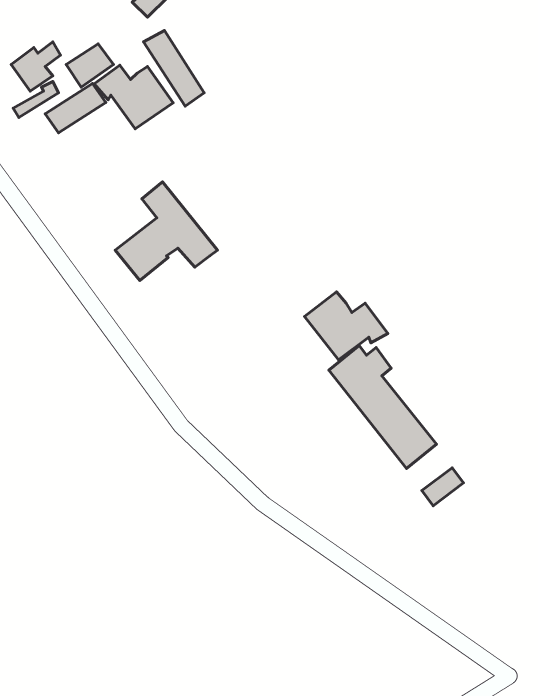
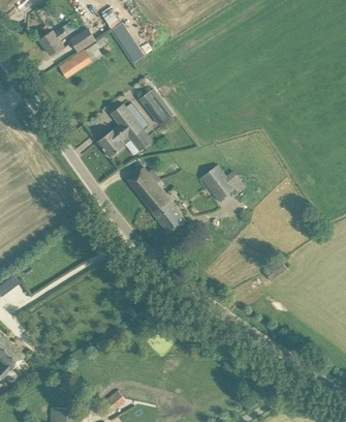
building: [94,65,173,129] -> none
building: none -> [138,88,172,125]
building: [329,346,437,469] -> [126,167,185,234]

